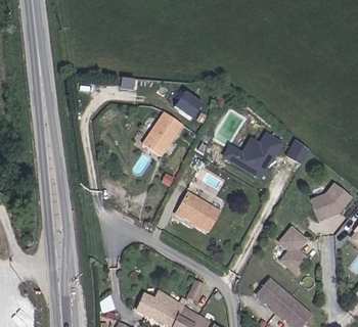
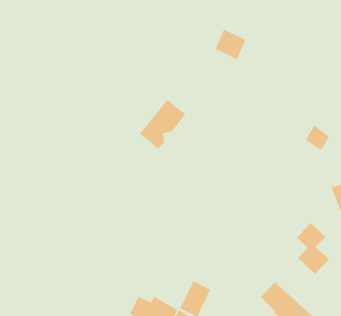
building: [175,91,204,120] -> [215,29,246,60]
building: [230,131,287,175] -> none
building: [182,196,223,233] -> none

